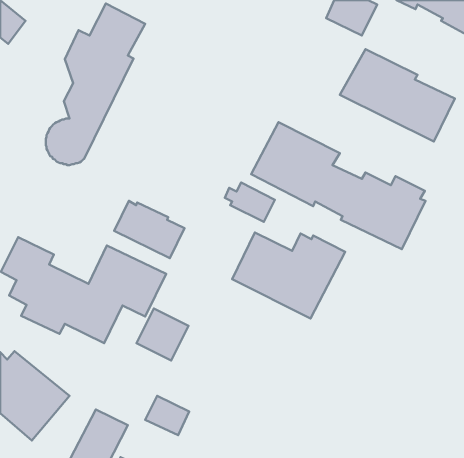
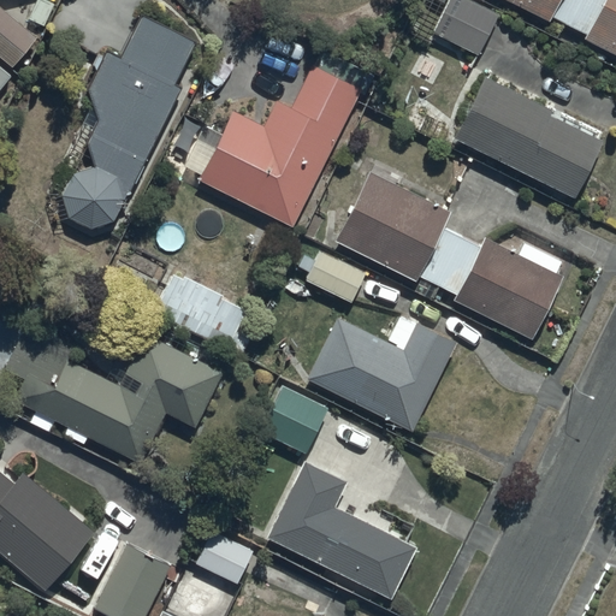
building: none -> [184,65,361,227]
building: [137,308,189,360] -> [261,387,330,456]
building: none -> [266,461,417,599]

